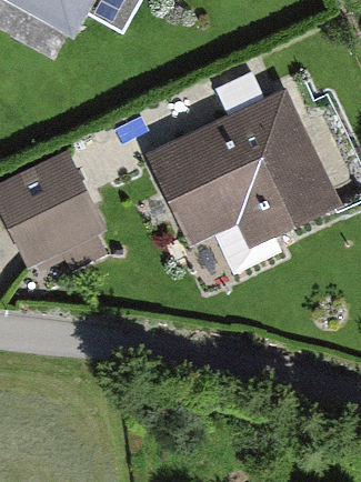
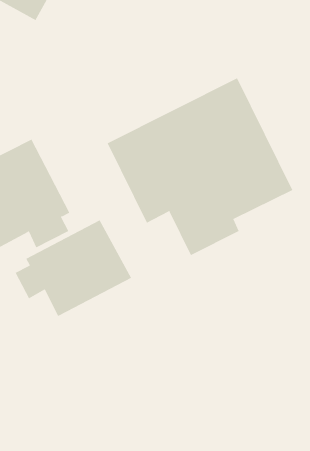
building: none -> [15,219,132,316]

